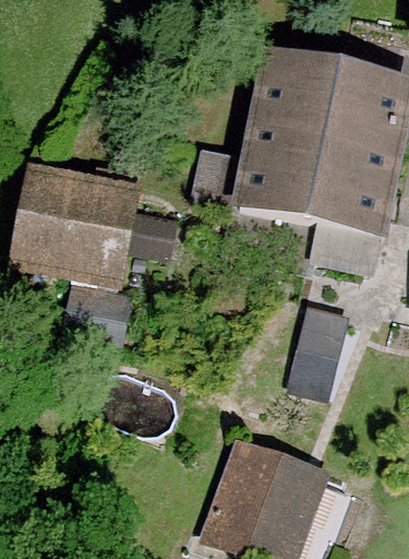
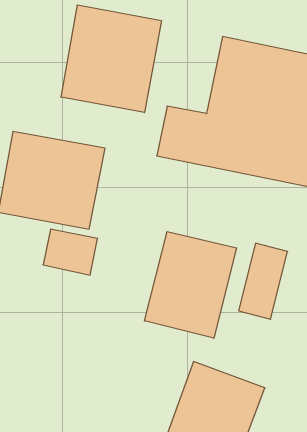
building: none -> [61,5,161,113]
building: none -> [145,232,237,338]

